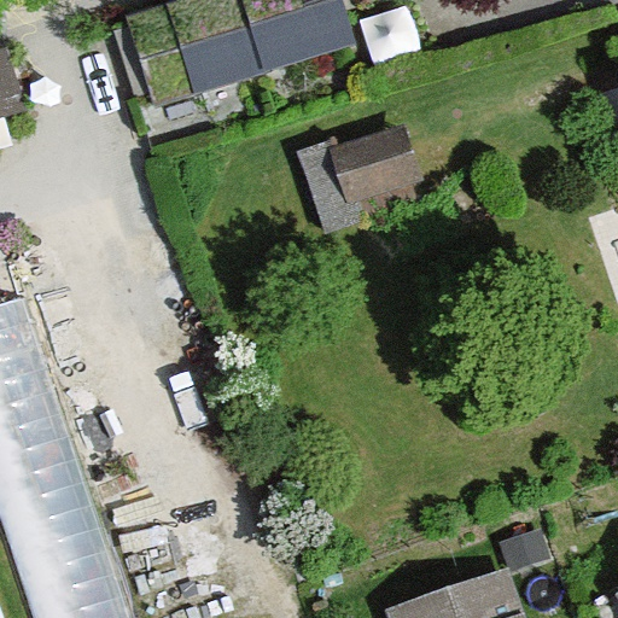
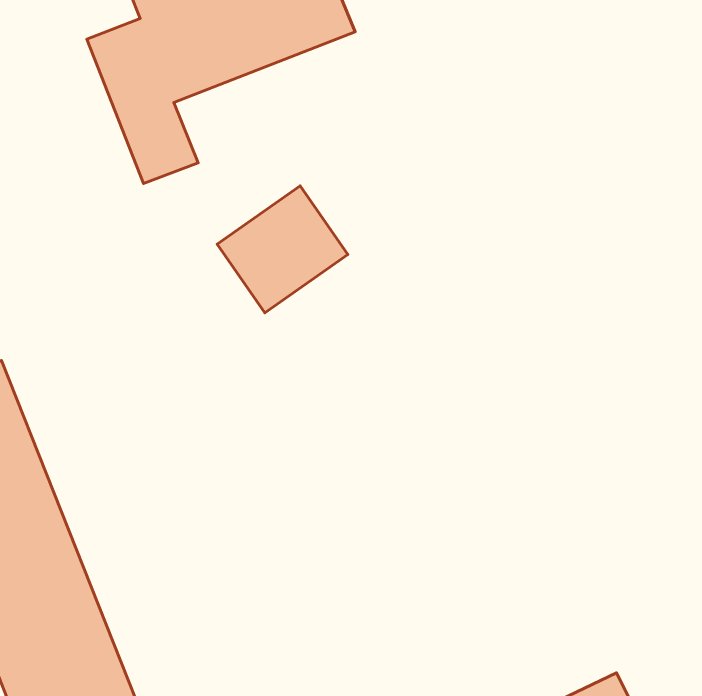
building: [311,111,414,209] -> [217,186,348,313]

